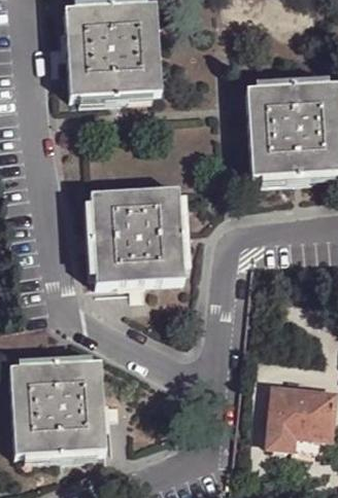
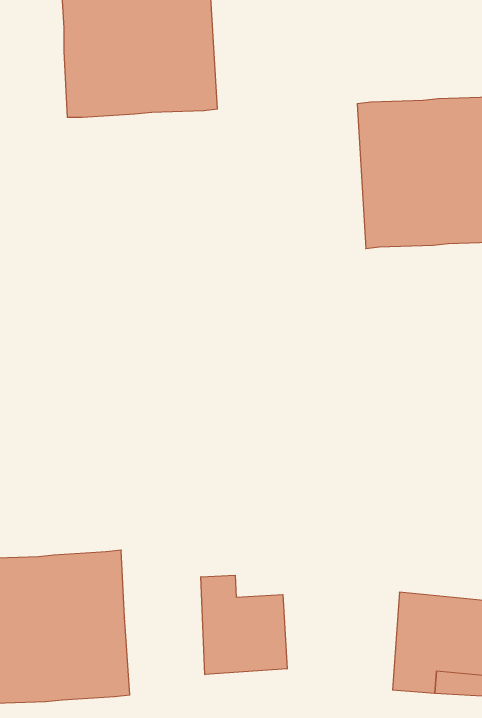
building: [90,186,184,283] -> none
building: none -> [201,575,287,675]

